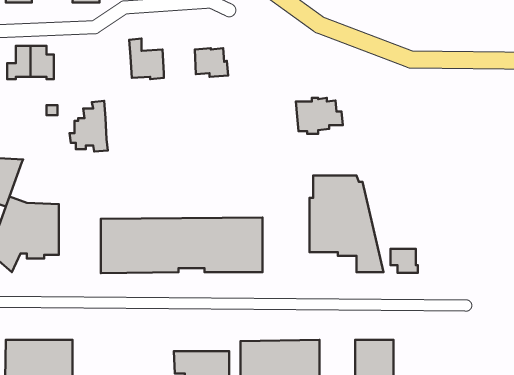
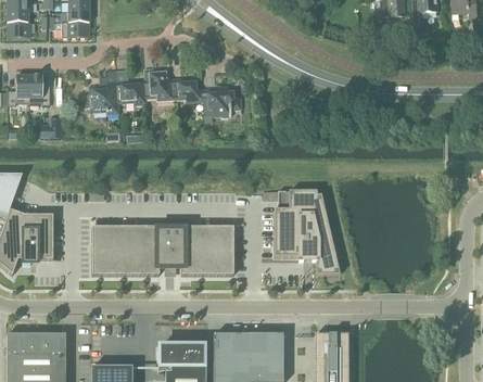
building: none -> [144,67,175,100]
building: [296,98,343,134] -> [202,85,243,116]
building: [70,101,108,152] -> [86,69,119,114]
building: [391,249,418,273] -> none

